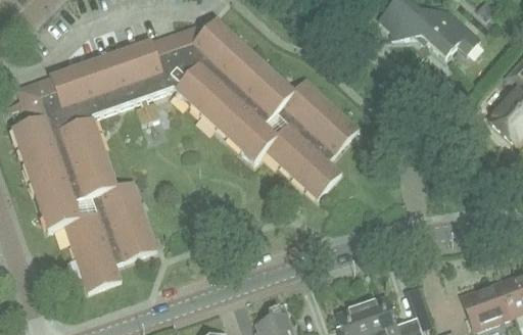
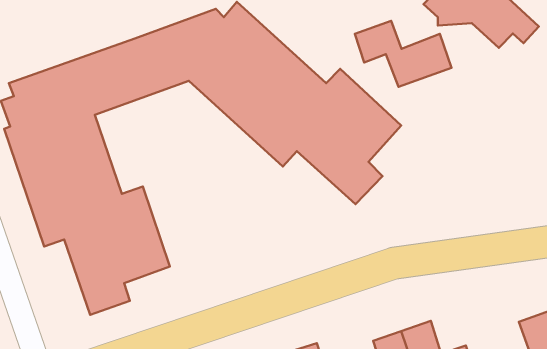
building: none -> [355,21,452,87]

